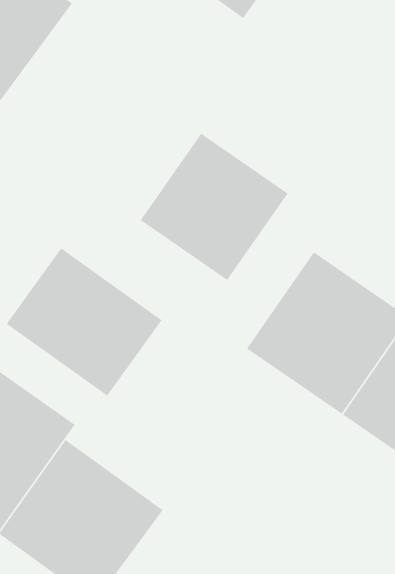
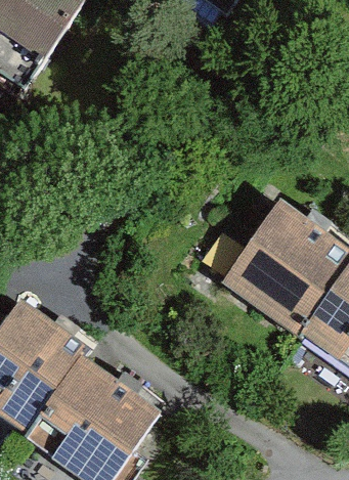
building: [140,133,288,281] -> none
building: [6,247,163,397] -> none

